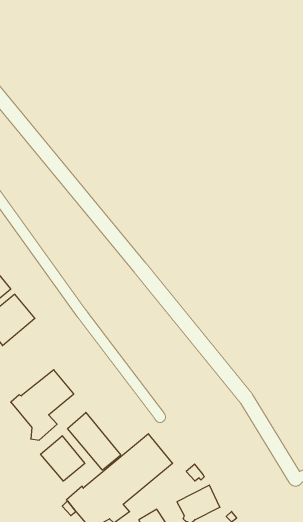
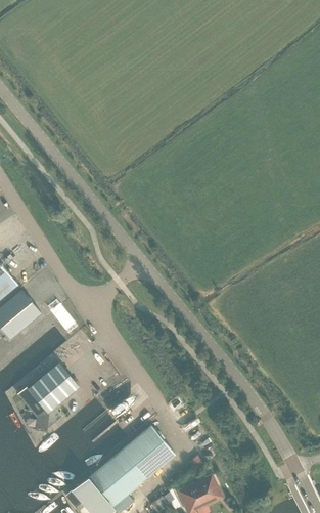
building: [68,412,121,470] -> none
building: [41,436,85,481] -> none

